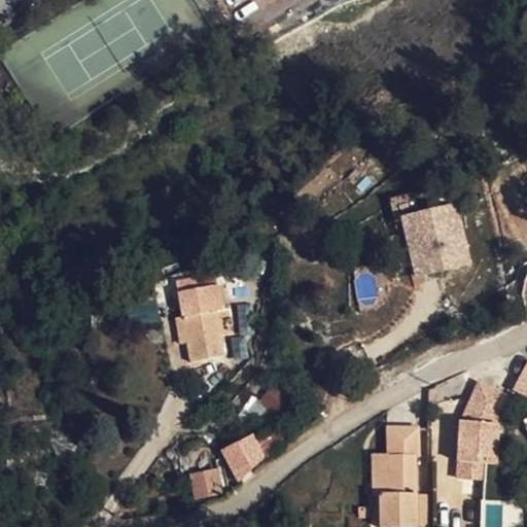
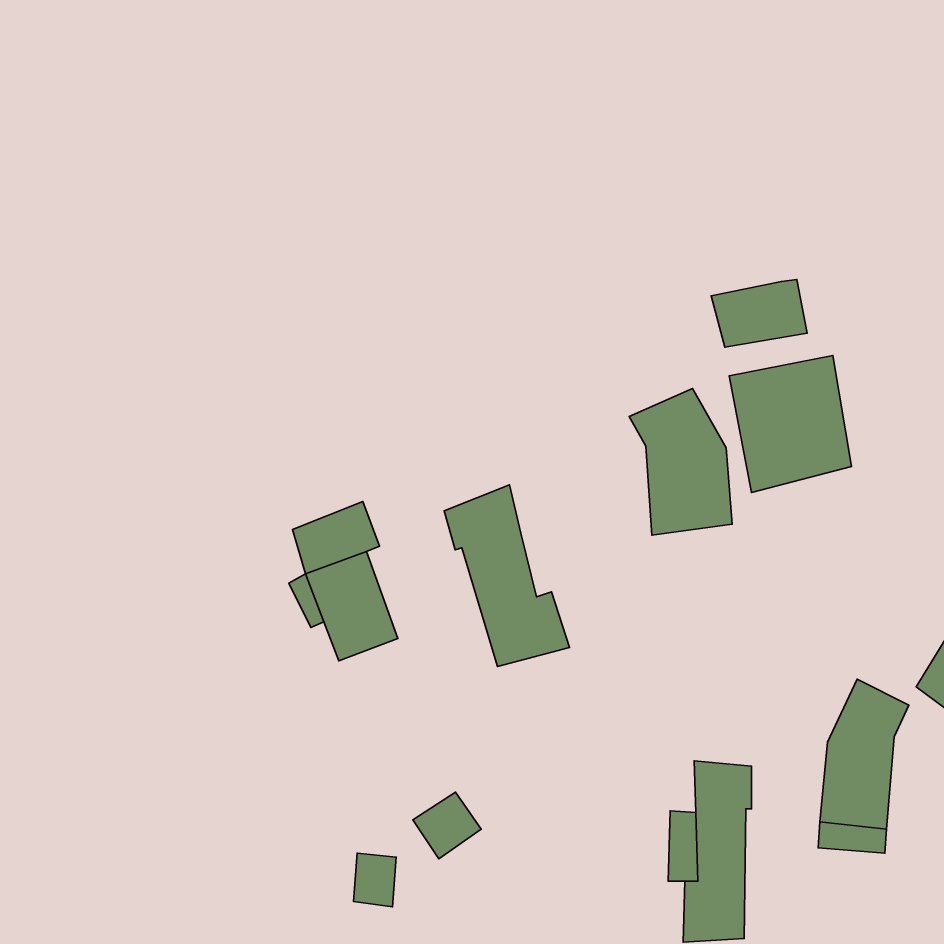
building: none -> [711,279,807,347]
building: none -> [629,389,732,535]
building: none -> [444,485,570,666]

